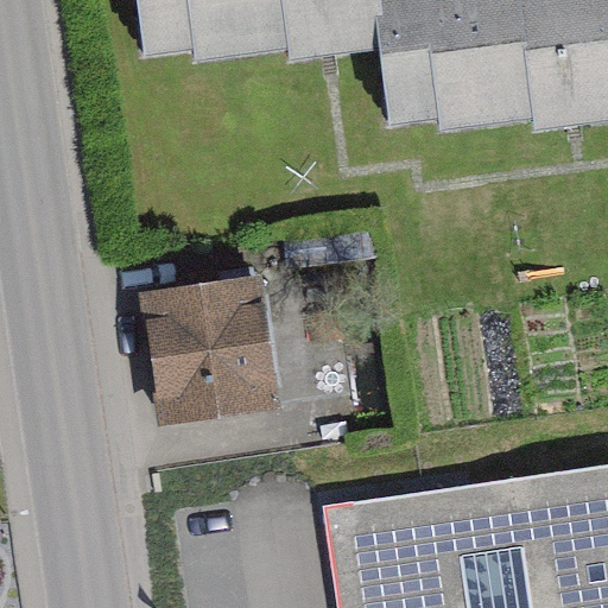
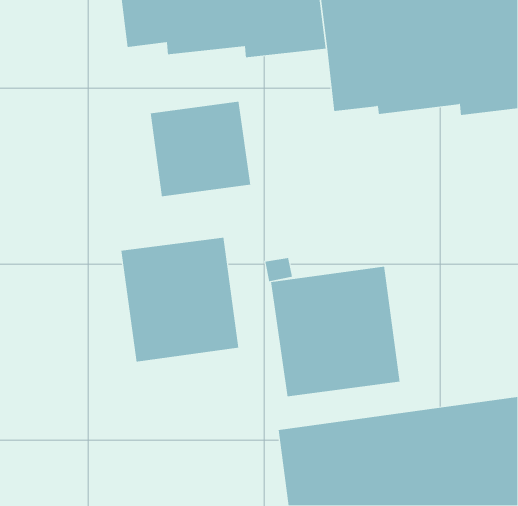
building: none -> [150,101,251,197]
building: none -> [271,266,400,397]

